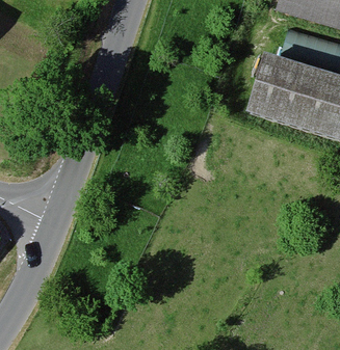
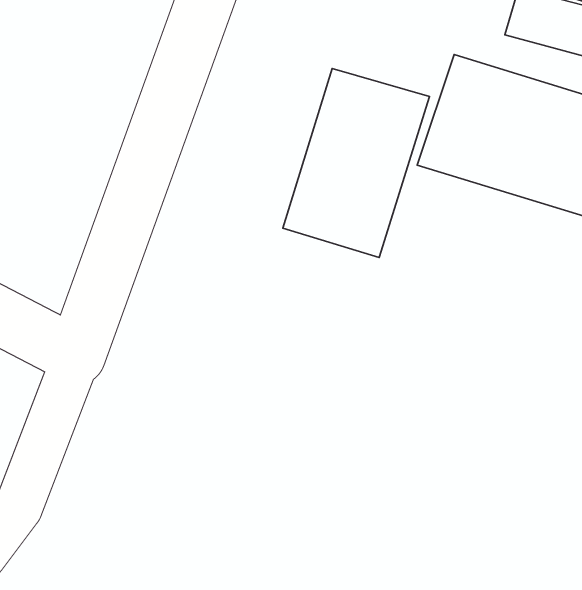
building: none -> [283,69,430,258]

